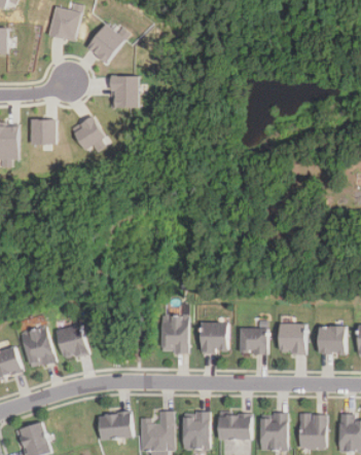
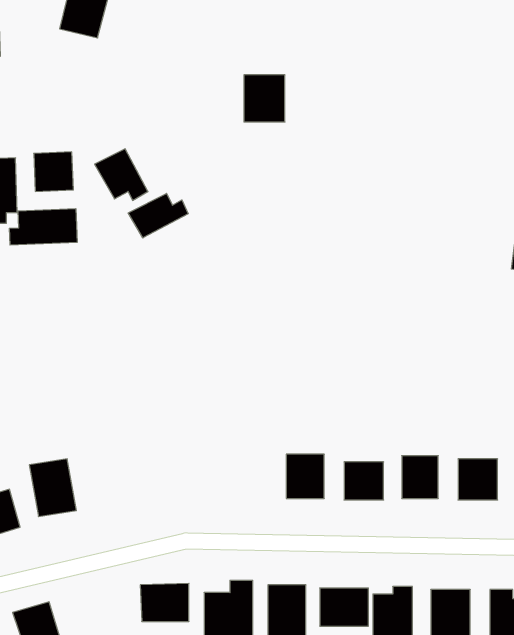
building: [86,23,128,63] -> none
building: [110,75,138,107] -> [244,75,285,122]
building: none -> [128,193,188,238]
building: none -> [9,209,77,245]
building: [161,314,187,351] -> none
building: [64,323,95,356] -> none

